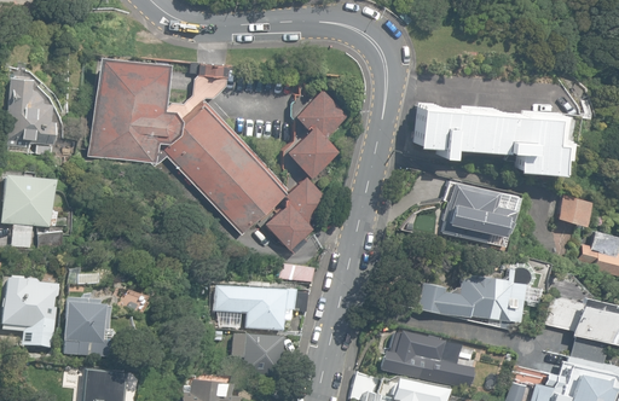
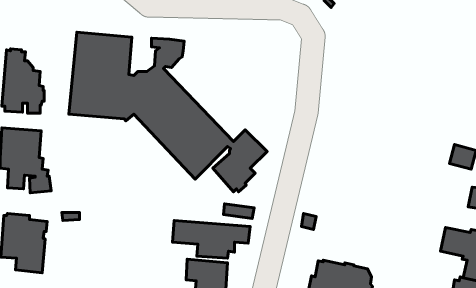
building: [287,89,348,179] -> none
building: [415,101,566,173] -> none
building: [444,181,517,246] -> none
building: [418,266,530,321] -> none
building: [65,296,118,358] -> none

